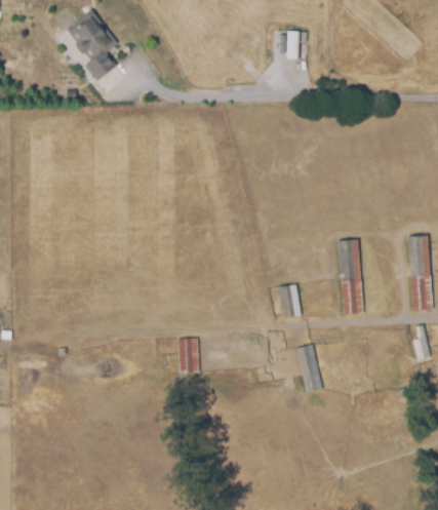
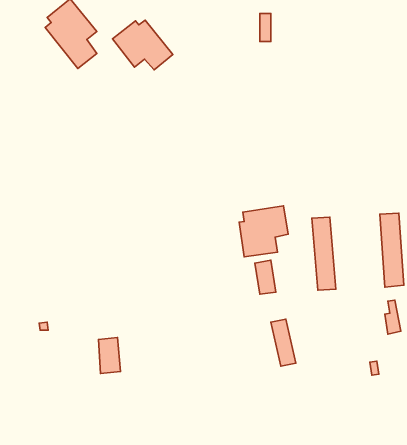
building: none -> [112,20,173,70]
building: none -> [239,206,288,257]
building: [176,336,199,372] -> [99,338,121,374]

